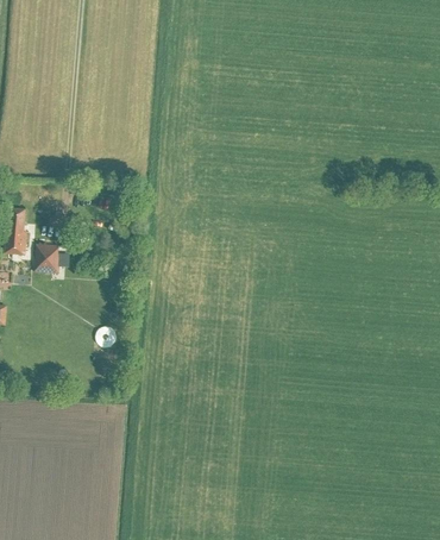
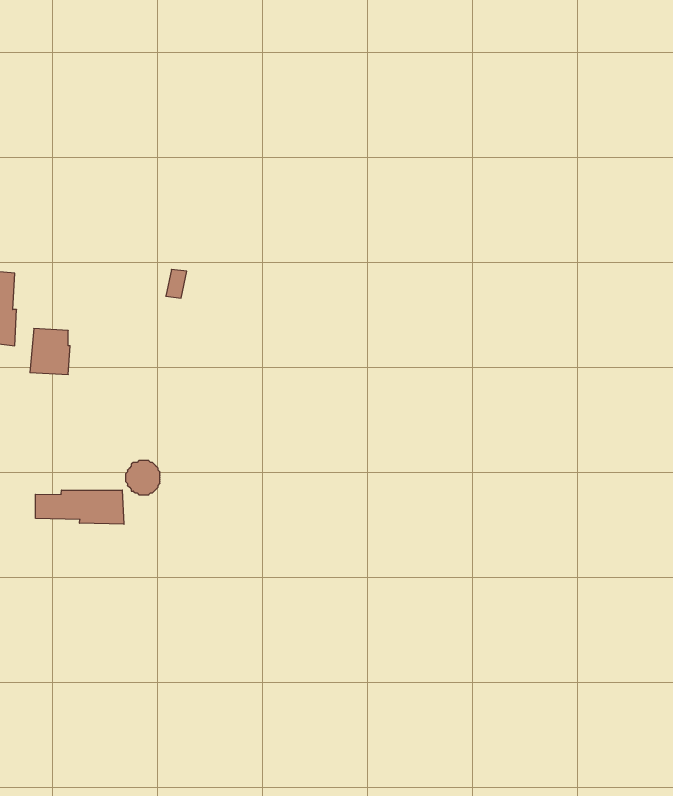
building: none -> [35,490,124,524]

